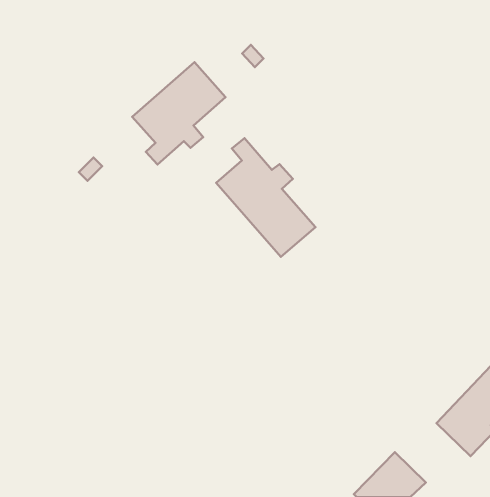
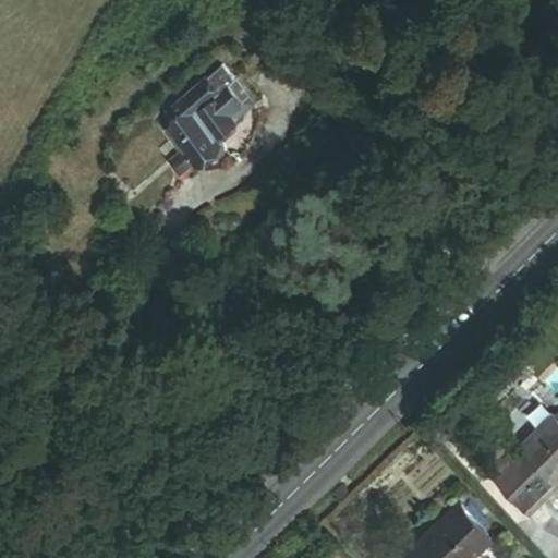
building: [216,138,315,257] -> none

